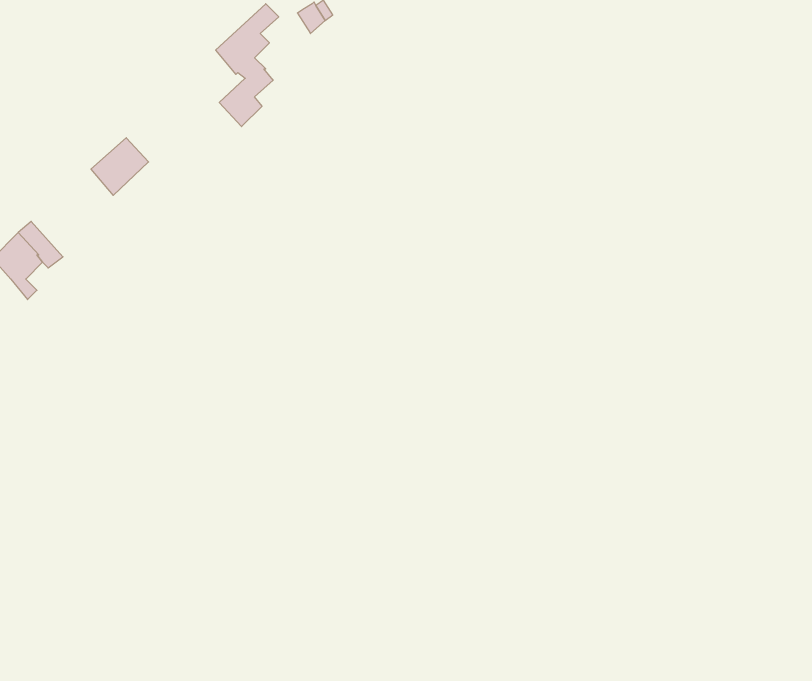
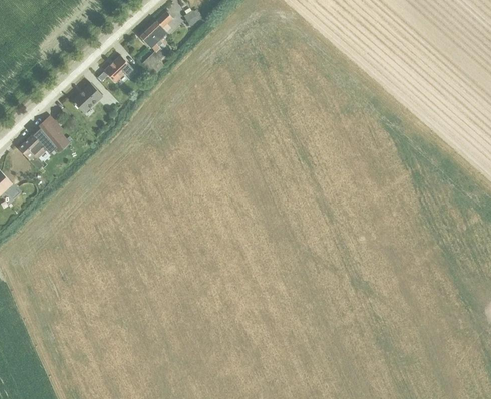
building: none -> [97,54,134,81]
building: none -> [37,114,72,150]

